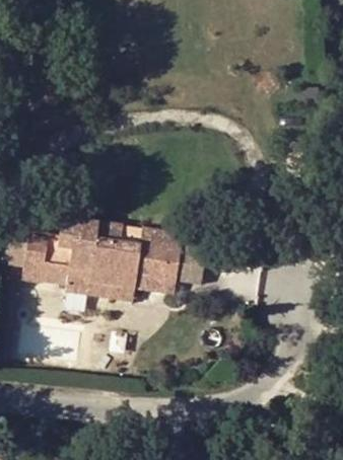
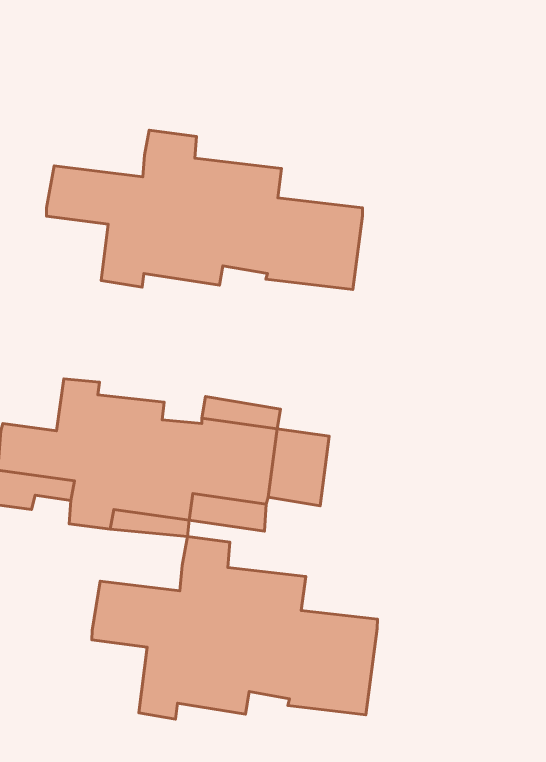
building: none -> [47,130,362,290]
building: none -> [92,536,377,719]

